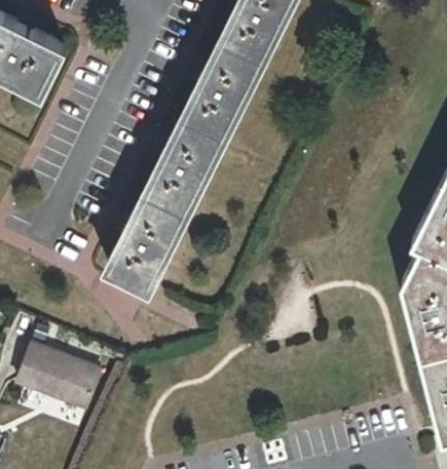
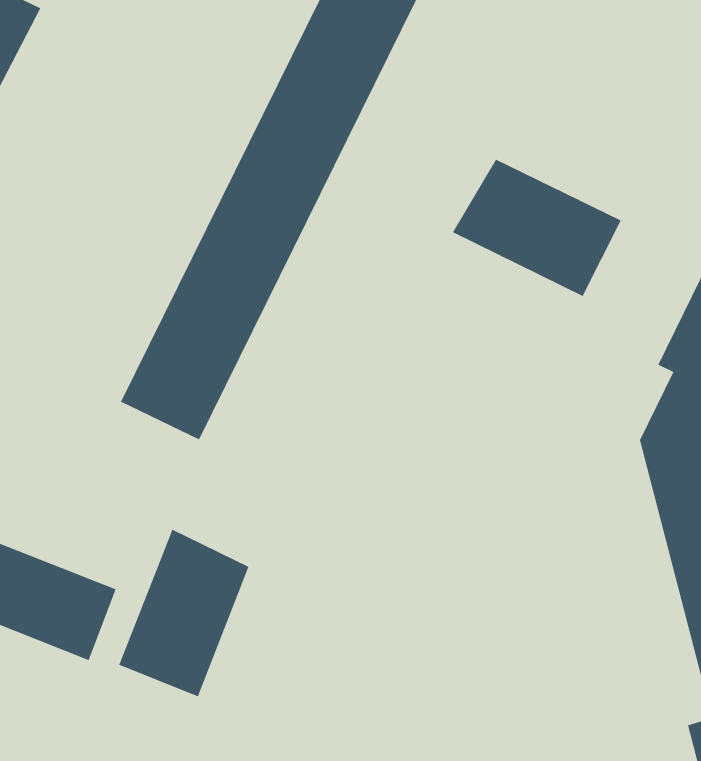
building: none -> [452,159,622,297]
building: none -> [119,529,249,697]

